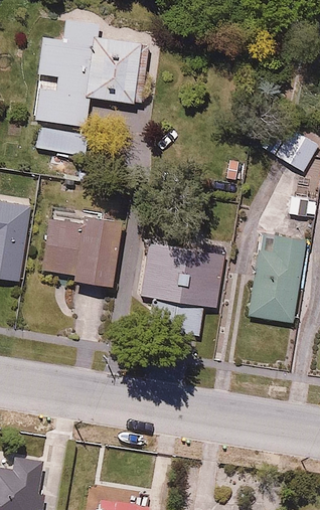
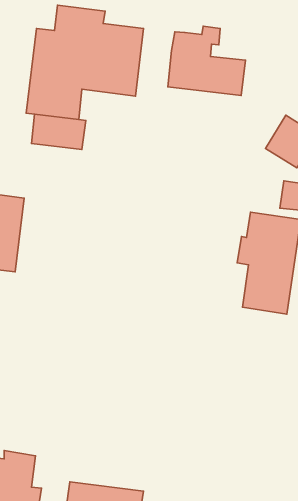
building: none -> [168,26,246,96]
building: [41,208,117,284] -> none
building: [138,235,226,339] -> none

